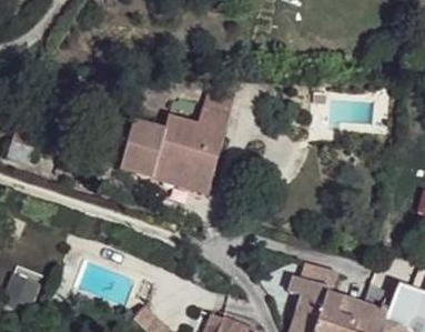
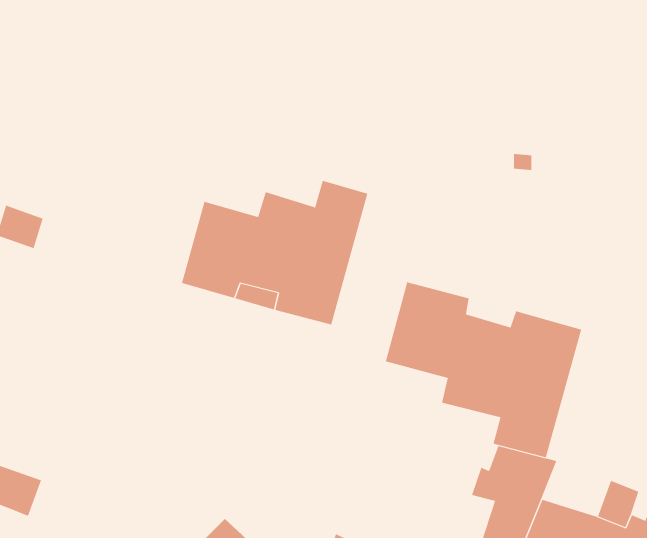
building: none -> [385,281,582,458]

